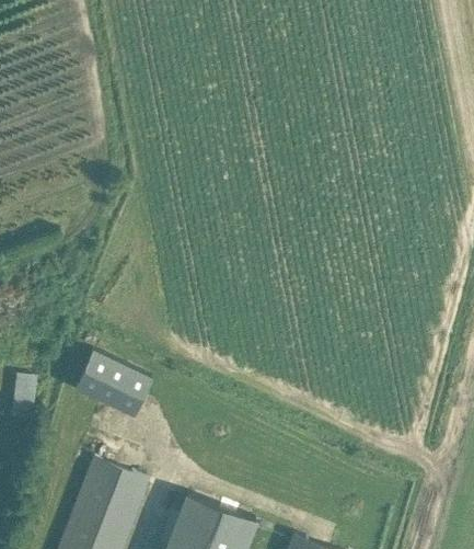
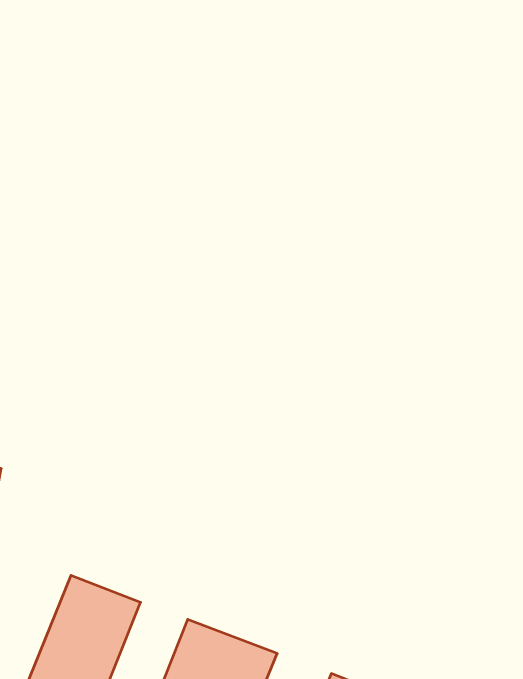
building: [74,350,152,418] -> none

